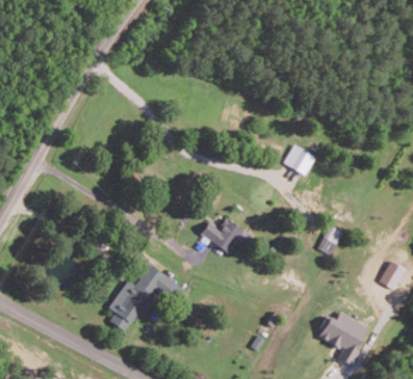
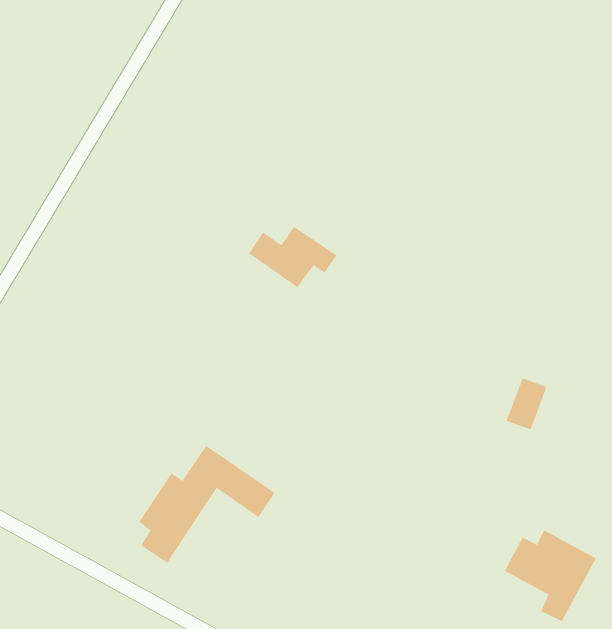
building: [283,144,315,175] -> none
building: [200,218,251,253] -> [248,226,338,288]

